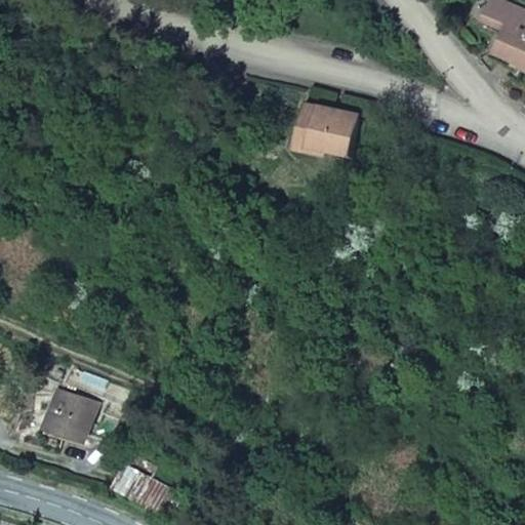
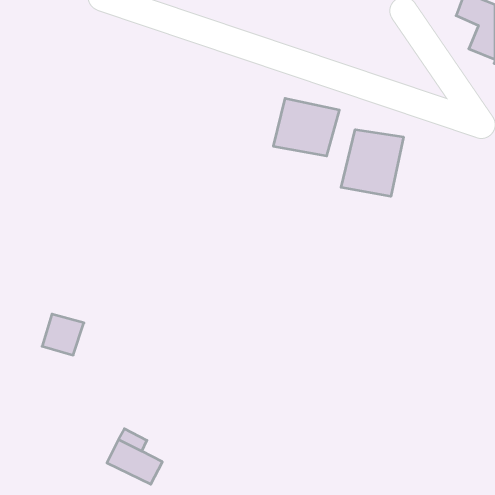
building: none -> [341,130,403,196]
building: [49,390,93,433] -> [42,314,84,355]

